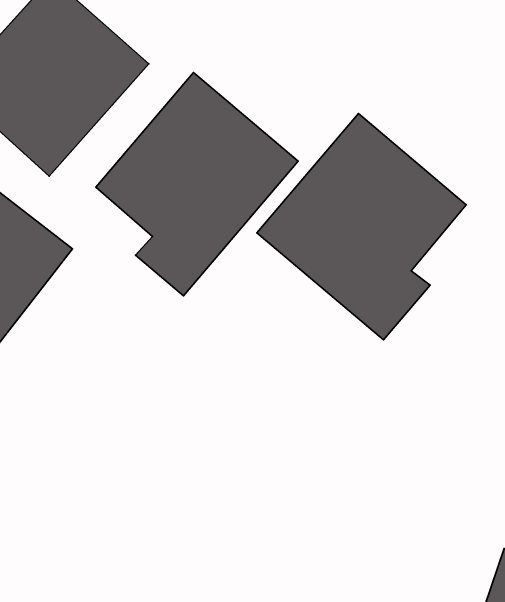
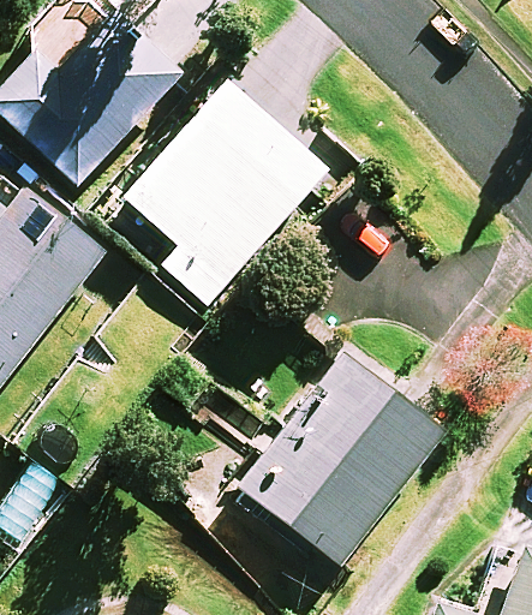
building: [257,113,466,340] -> none
building: none -> [232,351,443,562]

